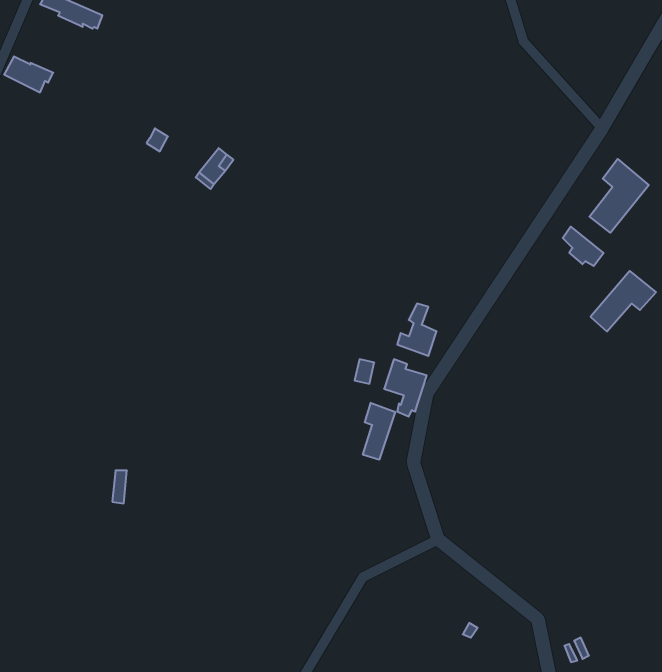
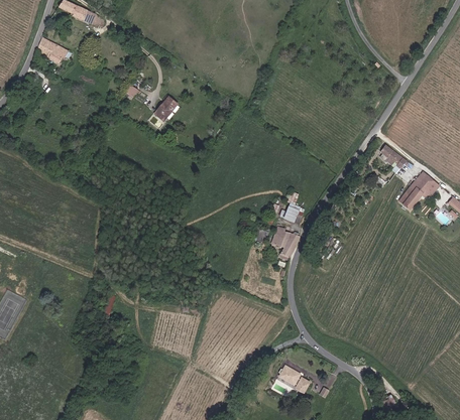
building: [589,159,649,233] -> none
building: [363,403,395,460] -> none
building: none -> [278,366,311,394]

